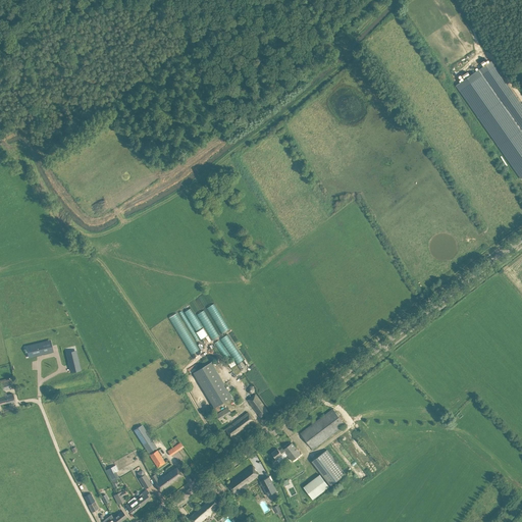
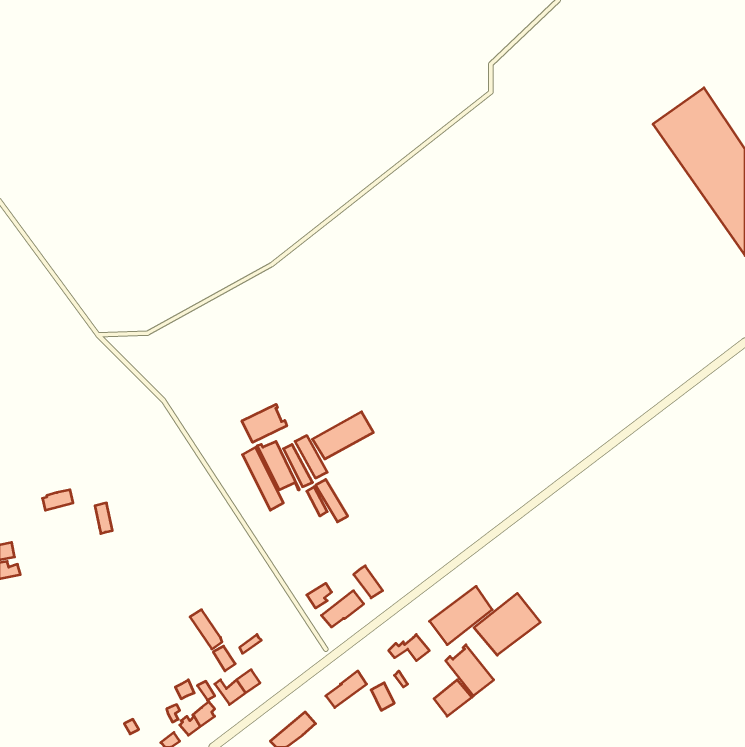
building: none -> [242,404,287,442]
building: none -> [312,412,373,459]
building: [193,362,231,408] -> none
building: none -> [474,593,540,655]

